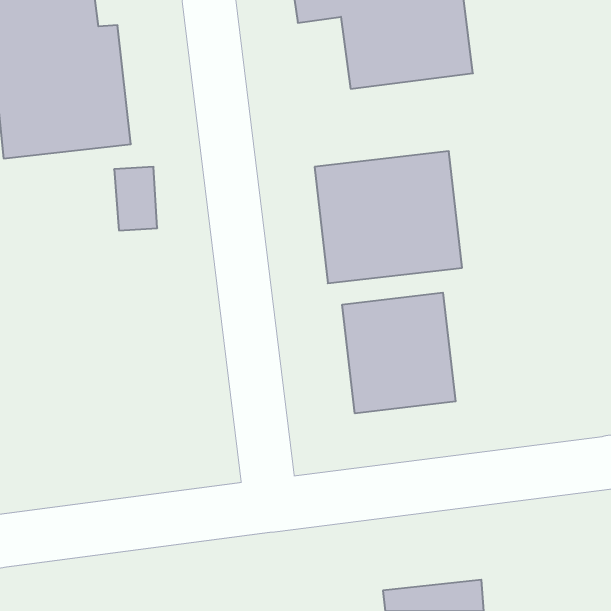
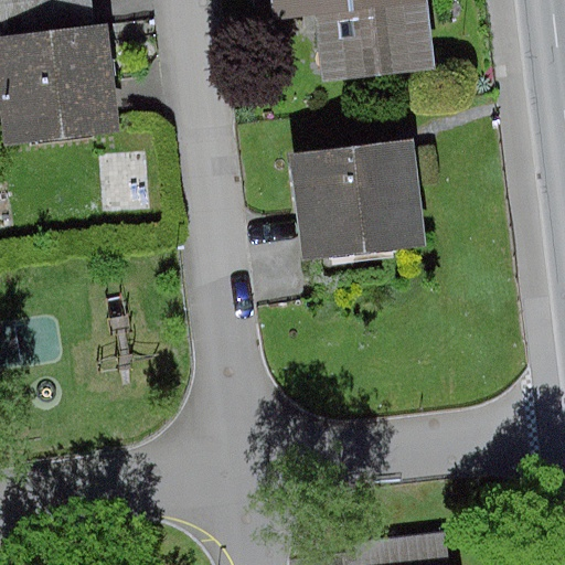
building: [342,293,456,413] -> none

